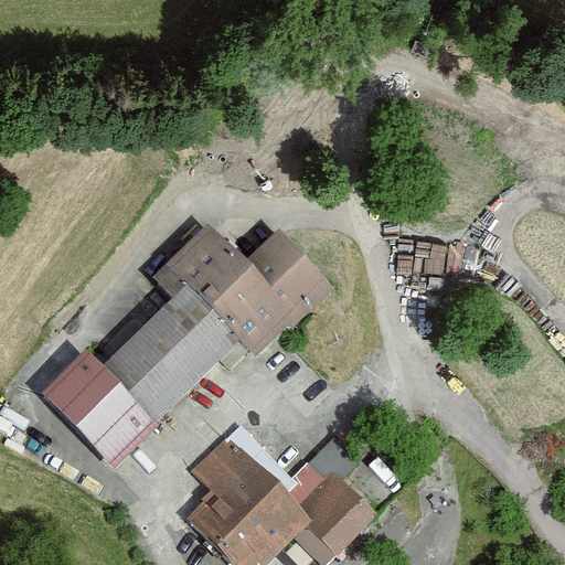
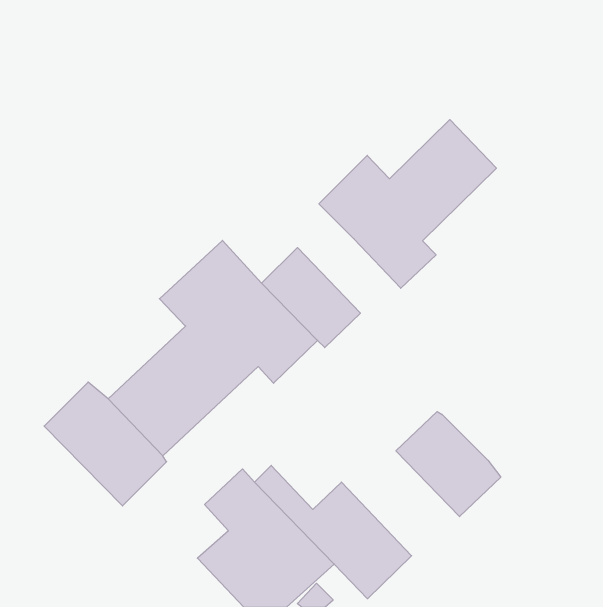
building: none -> [319,120,496,288]
building: none -> [396,412,501,517]

